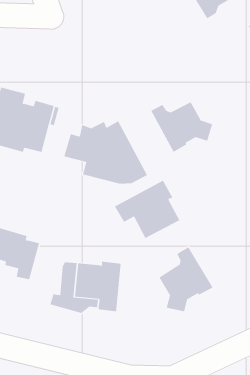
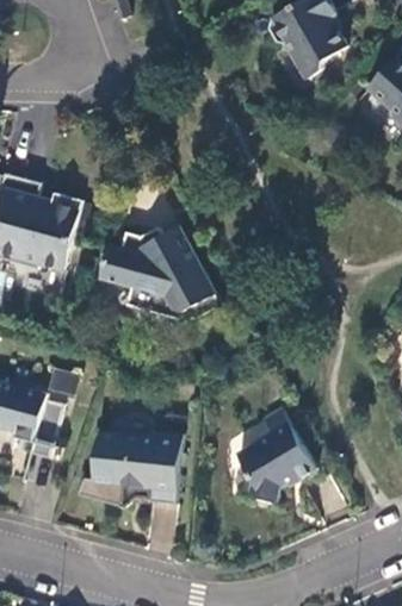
building: [151,101,213,153] -> none
building: [114,180,180,239] -> none

